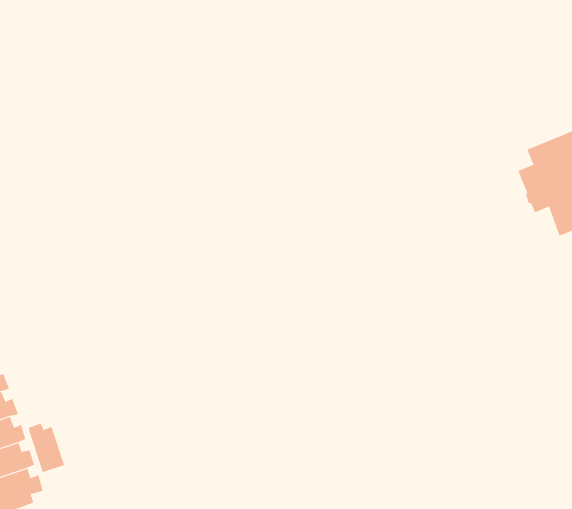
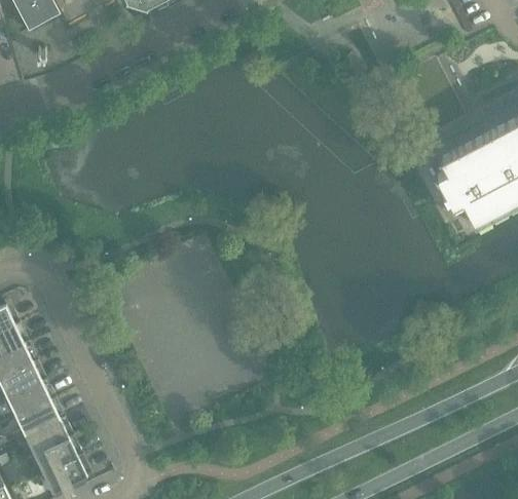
building: [28,423,65,473] -> none

